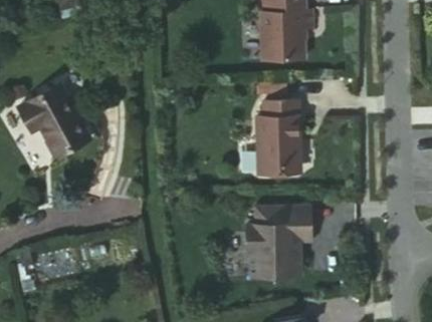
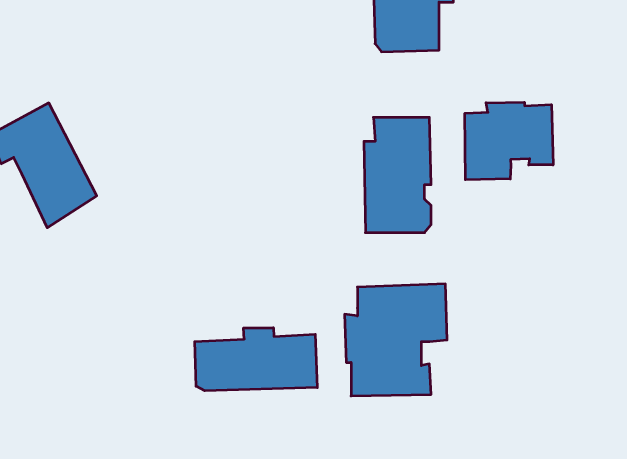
building: none -> [465,102,553,180]
building: none -> [195,328,317,391]

